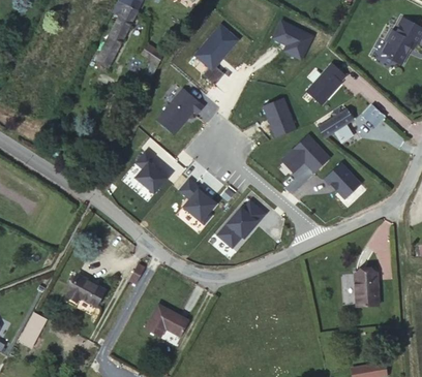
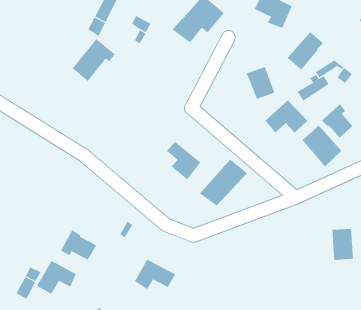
building: [157,89,204,135] -> [72,38,115,82]
building: none -> [321,104,353,139]
building: [137,153,168,193] -> none
building: none -> [36,260,77,295]

